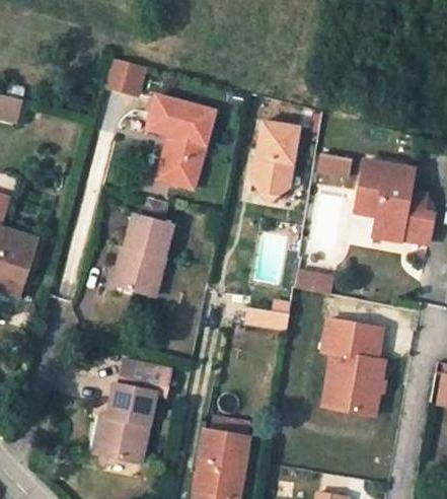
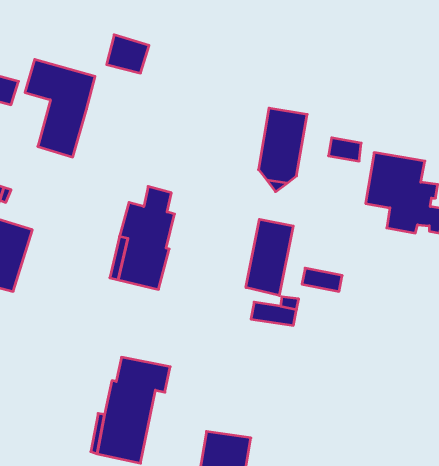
building: [150,95,217,189] -> [25,59,95,157]
building: none -> [246,219,293,296]
building: [322,323,384,419] -> none

